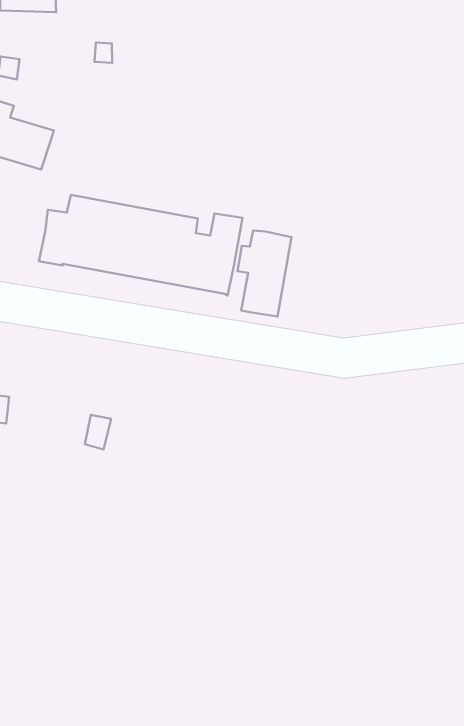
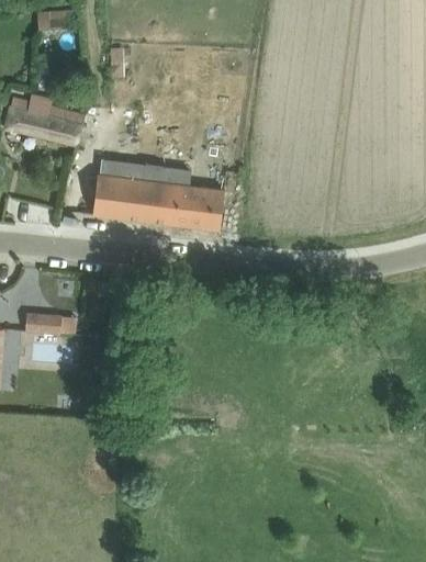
building: [237,230,292,316] -> none

